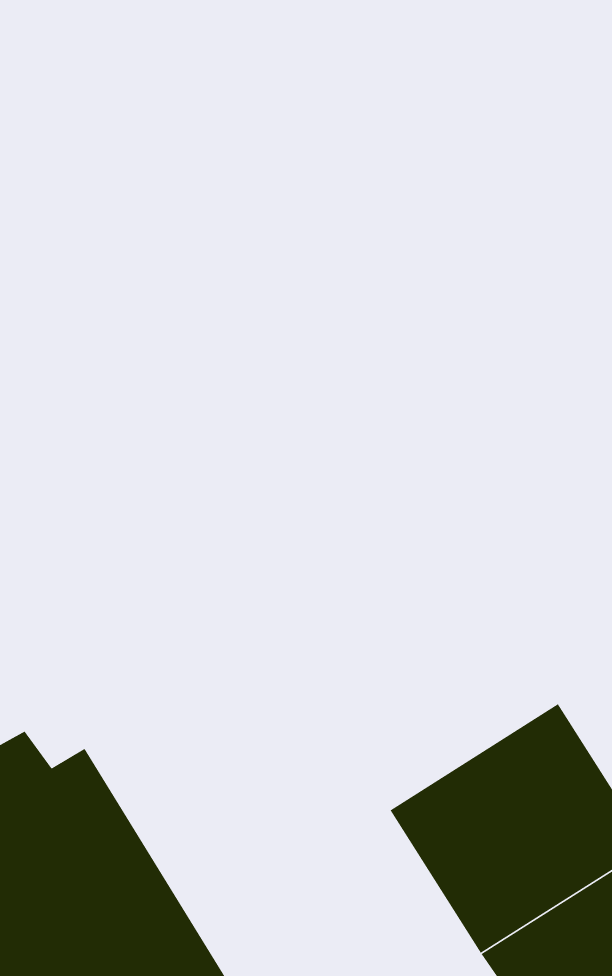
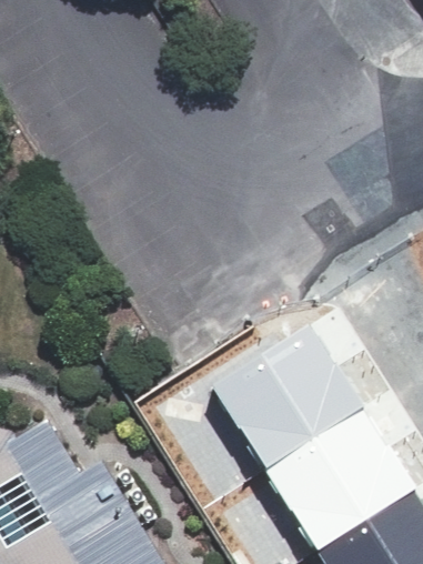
building: none -> [208,323,356,466]

